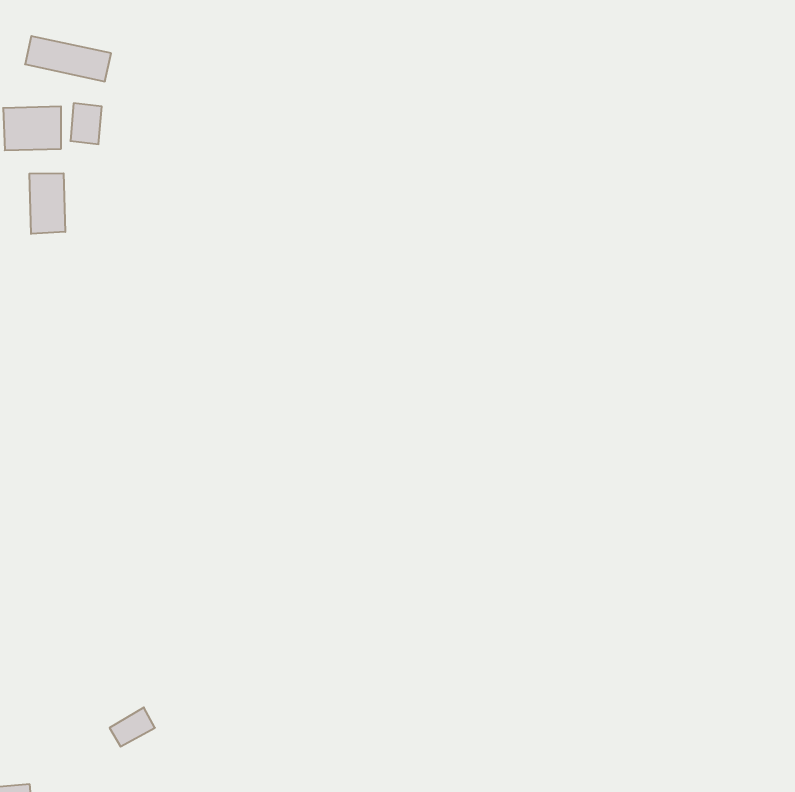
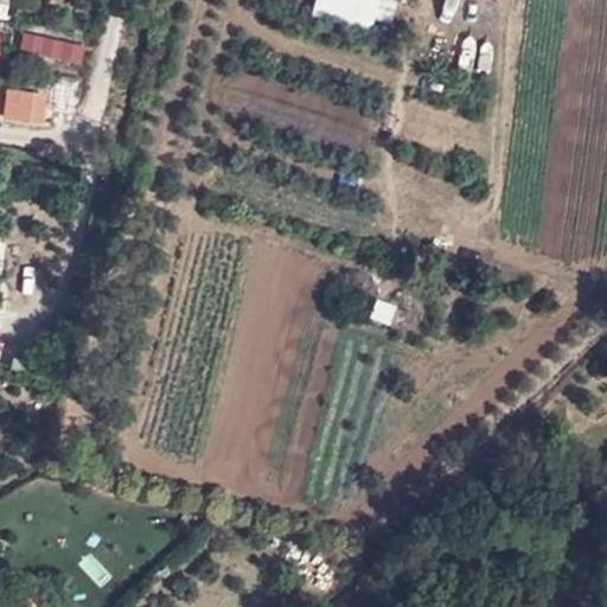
building: [29,173,65,234] -> none

